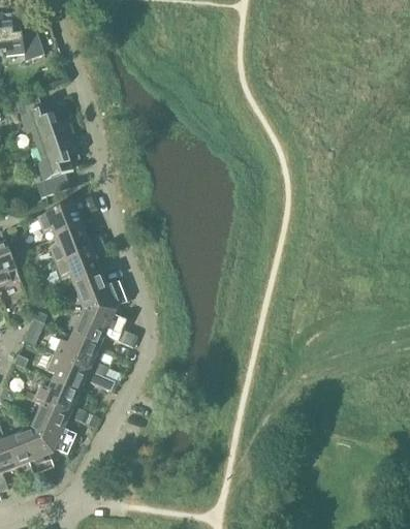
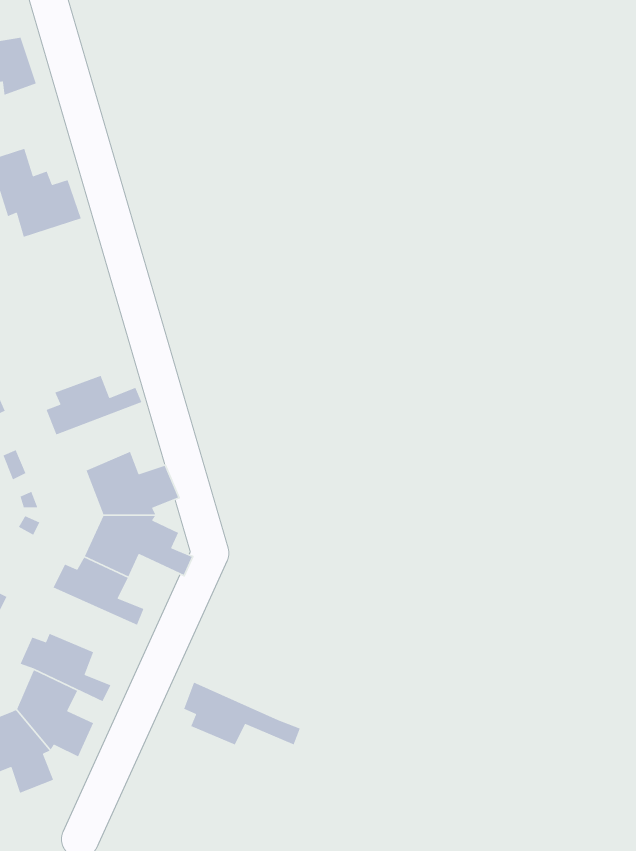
building: [34,134,78,196] -> none
building: [37,195,97,238] -> none
building: [55,244,109,284] -> none
building: [46,354,117,393] -> [183,681,301,746]

